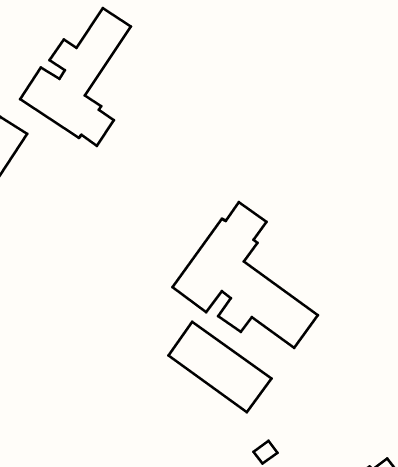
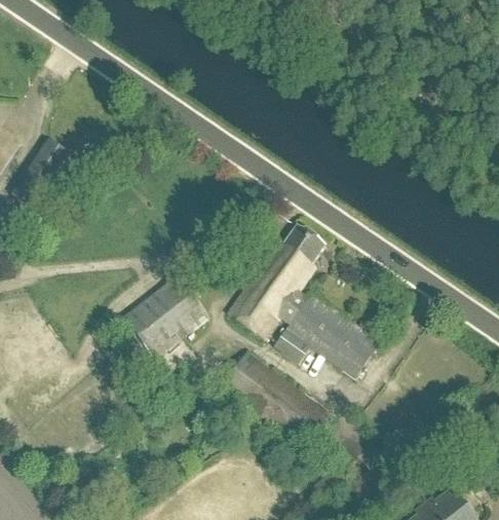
building: [20,8,131,146] -> none
building: none -> [109,272,210,368]

